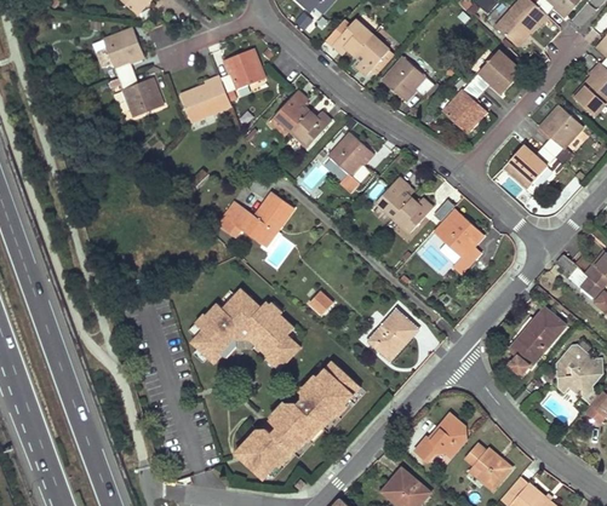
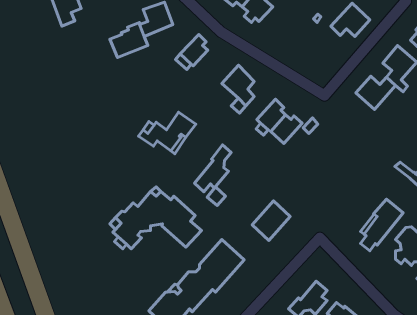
building: [383,57,435,99] -> none
building: [109,73,164,116] -> none
building: [443,80,487,133] -> none
building: [291,111,332,148] -> none
building: [439,213,481,264] -> none
building: none -> [194,145,231,192]

